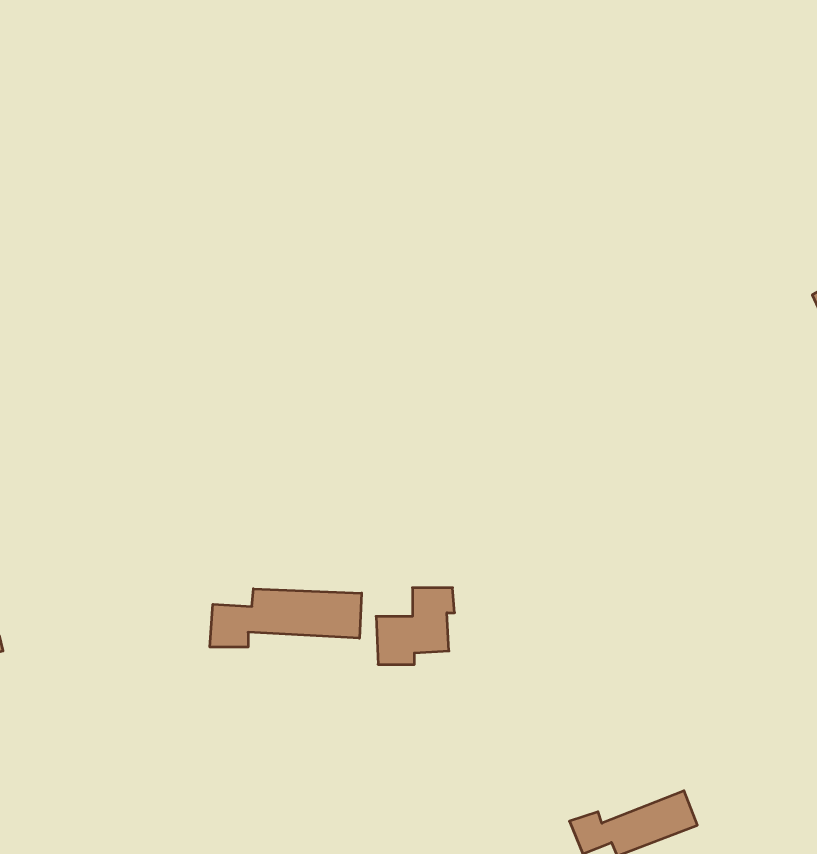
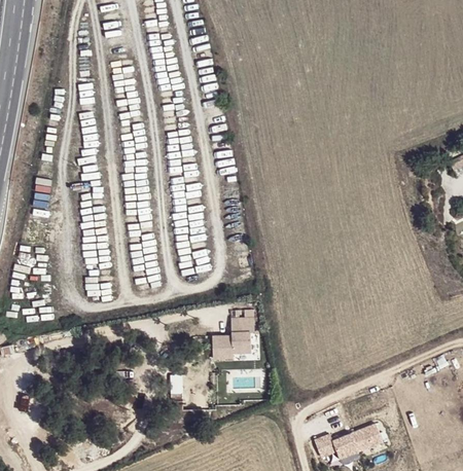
building: [210,589,362,647] -> none

